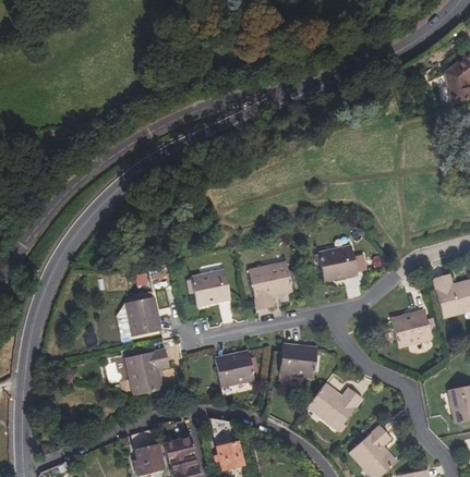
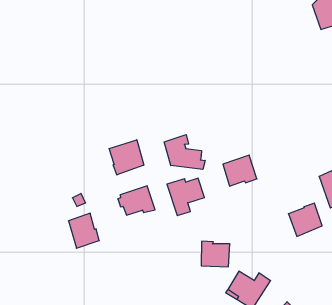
building: none -> [164,135,205,169]
building: none -> [109,140,144,175]
building: [125,348,168,393] -> none
building: [215,353,254,387] -> none

